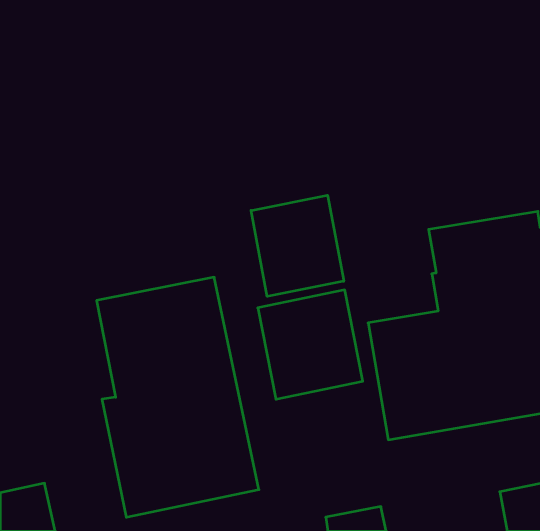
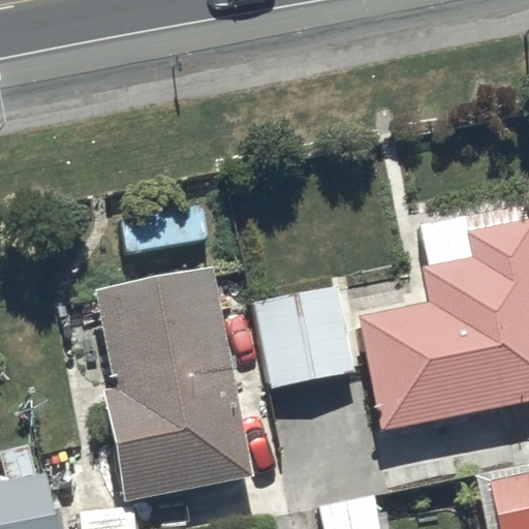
building: [251,195,344,296] -> none

